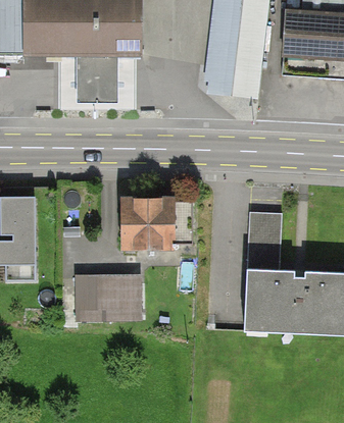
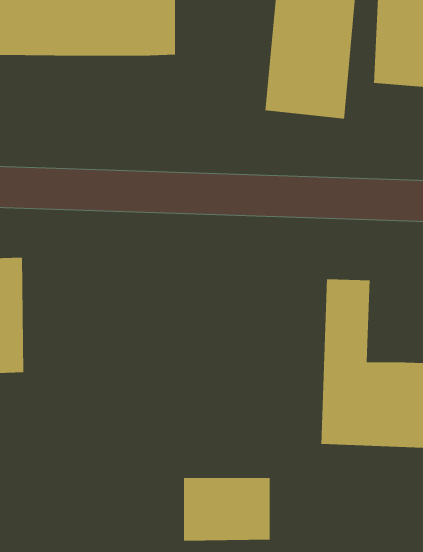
building: [76,54,116,102] -> none
building: [119,196,191,250] -> none
building: [76,274,138,320] -> [183,477,270,541]

